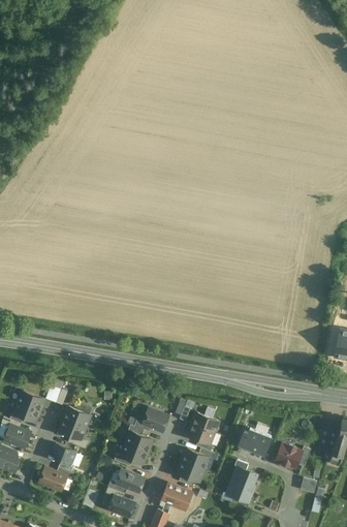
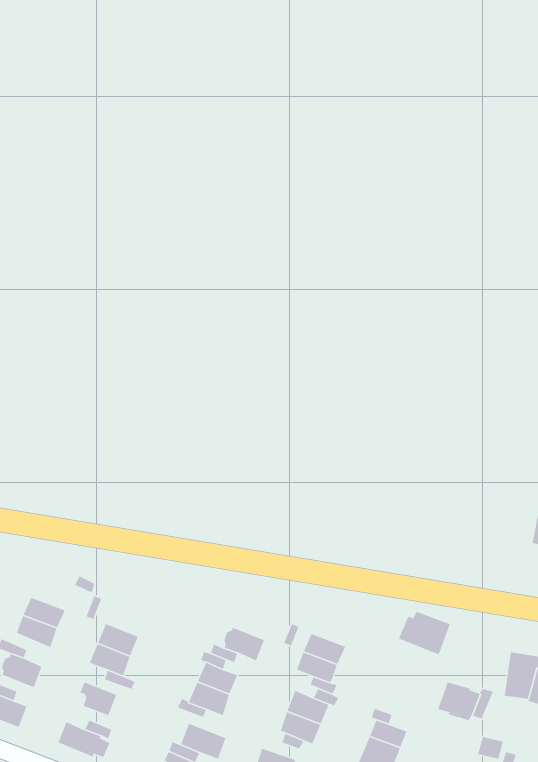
building: [238,428,271,456] -> [398,611,451,656]

